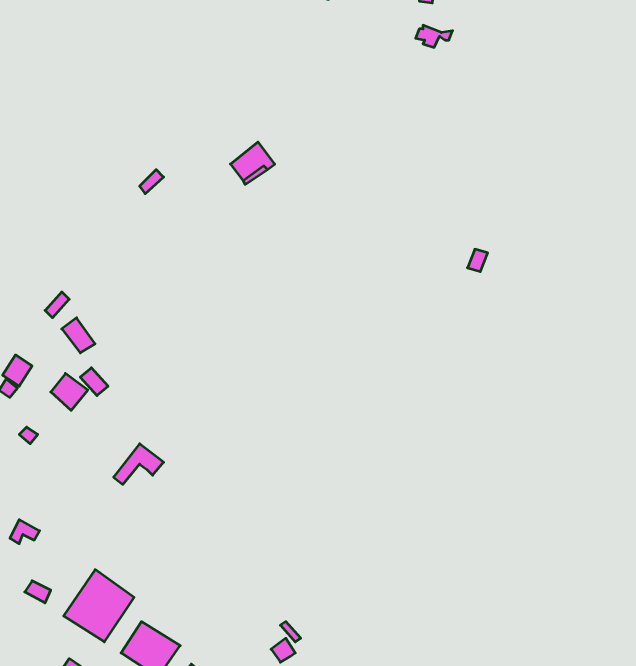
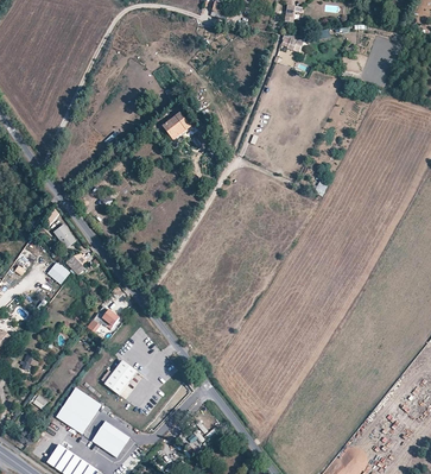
building: none -> [104,360,137,394]

